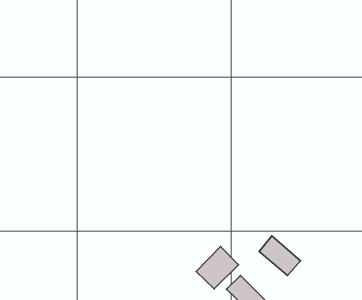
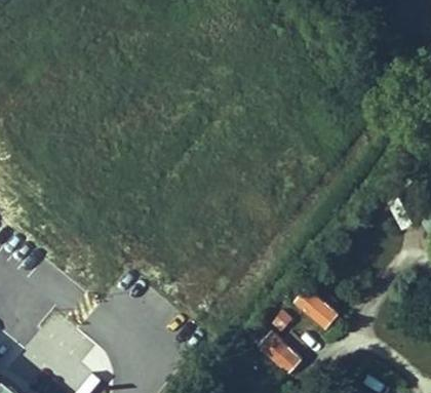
building: [196,246,239,289] -> none

